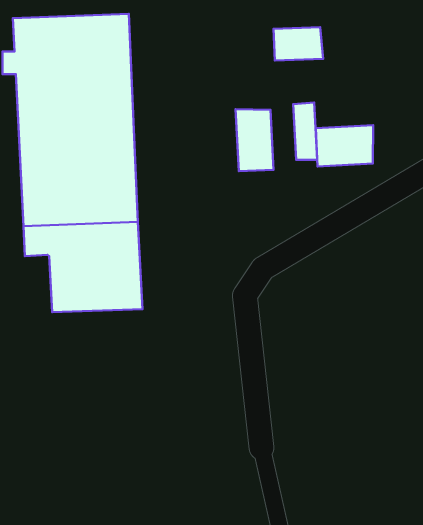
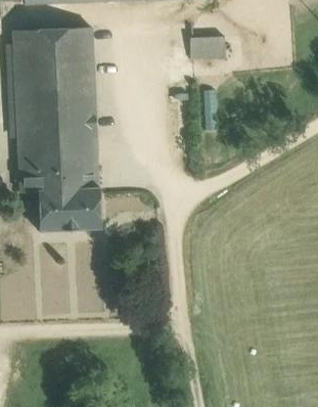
building: [235,109,274,171] -> none
building: [316,125,373,167] -> none

